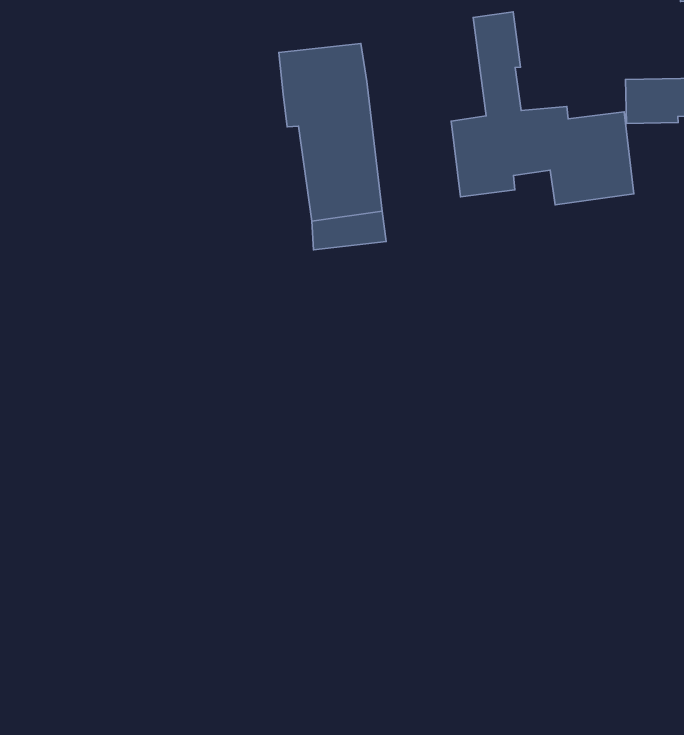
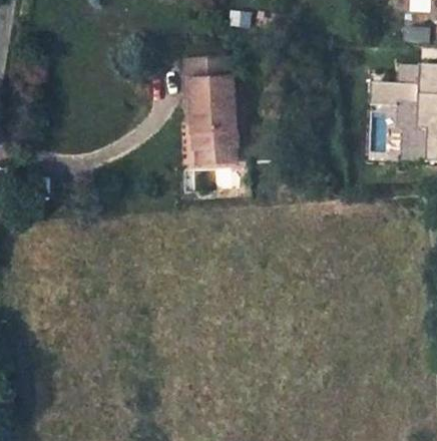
building: [451,12,634,205] -> none

